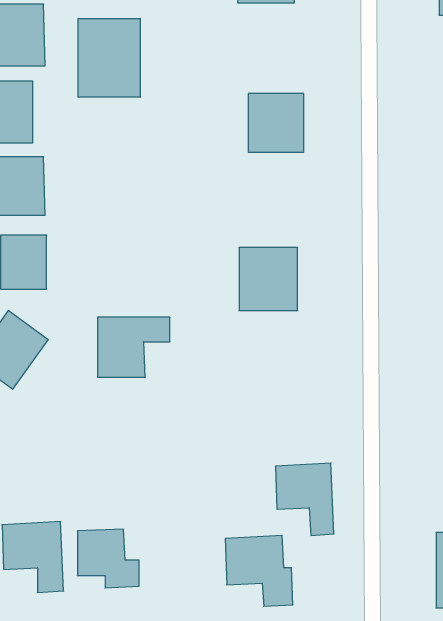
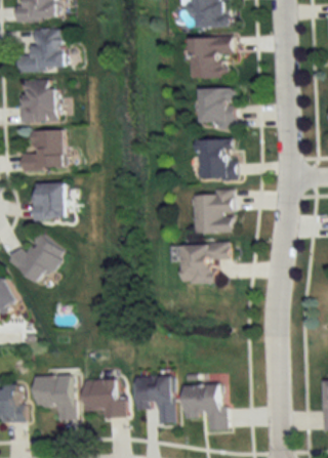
building: none -> [188,36,232,79]
building: [78,18,140,97] -> none
building: none -> [194,140,233,179]
building: [98,317,170,377] -> [179,242,228,282]
building: [275,463,334,535] -> [134,374,173,422]

